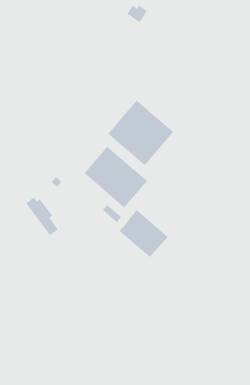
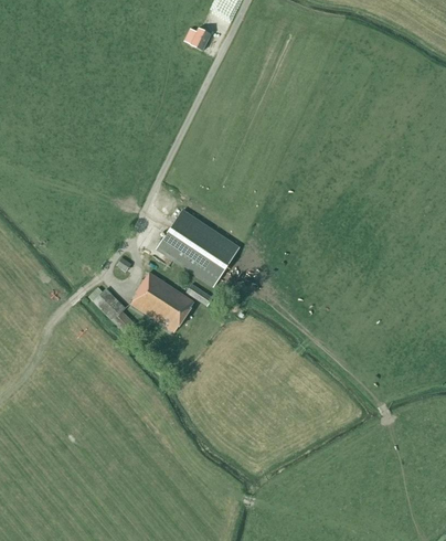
building: [107,100,174,166] -> none
building: [119,209,169,258] -> [130,272,194,331]

